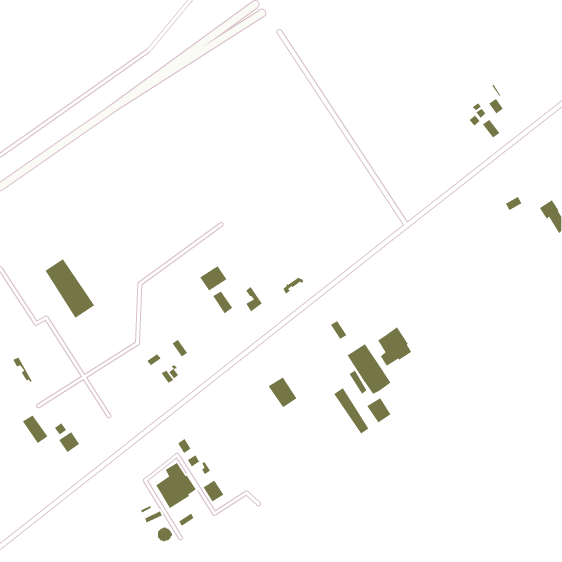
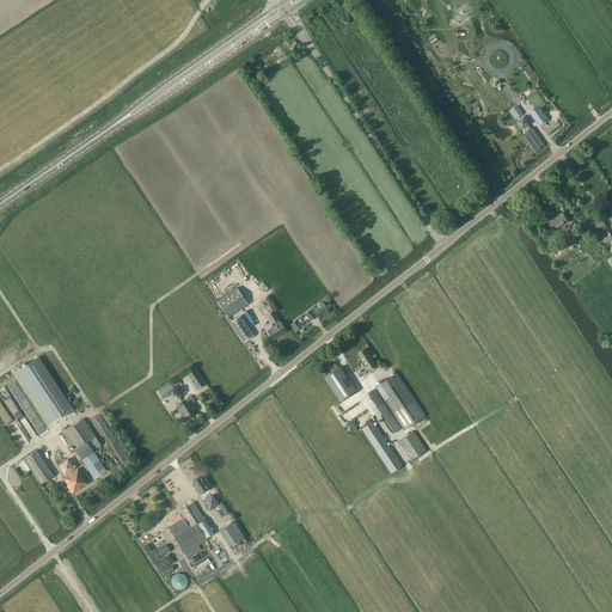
building: [45,258,95,319] -> [17,357,72,423]
building: [377,326,412,367] -> none
building: [268,376,298,408] -> [324,367,356,402]
building: none -> [63,420,106,478]

